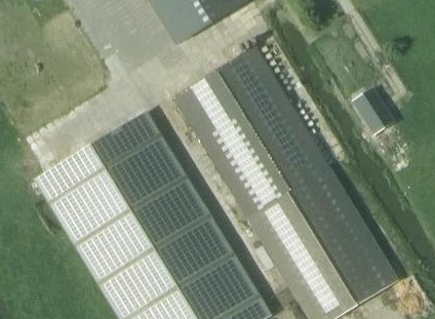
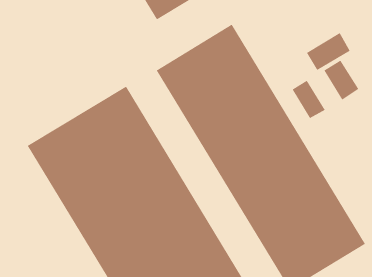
building: none -> [306,32,350,71]
building: none -> [292,80,325,119]

